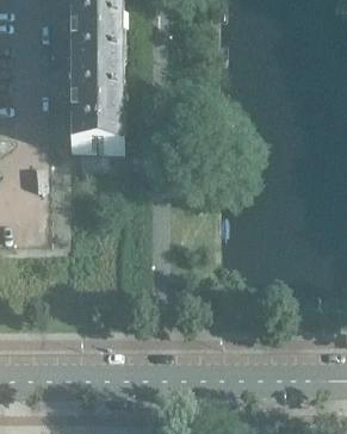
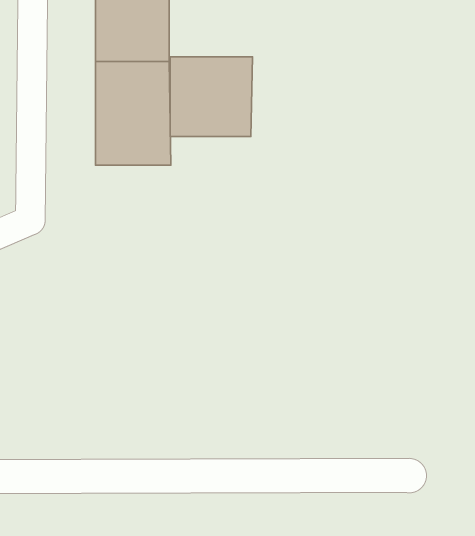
building: none -> [170,57,253,136]

